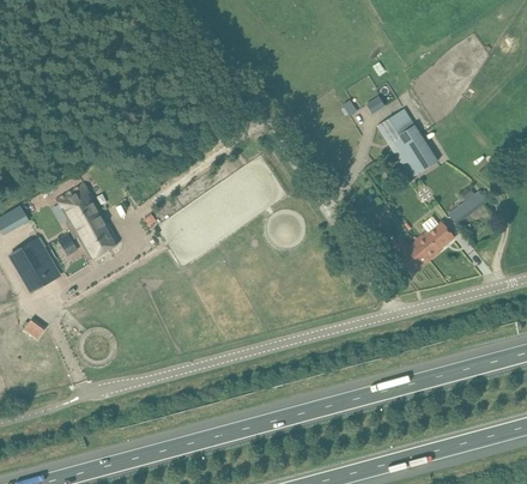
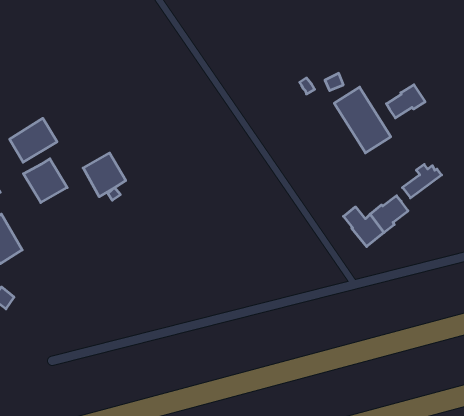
building: none -> [386,85,425,118]
building: none -> [10,118,57,162]
building: [73,213,117,259] -> [83,153,126,197]

